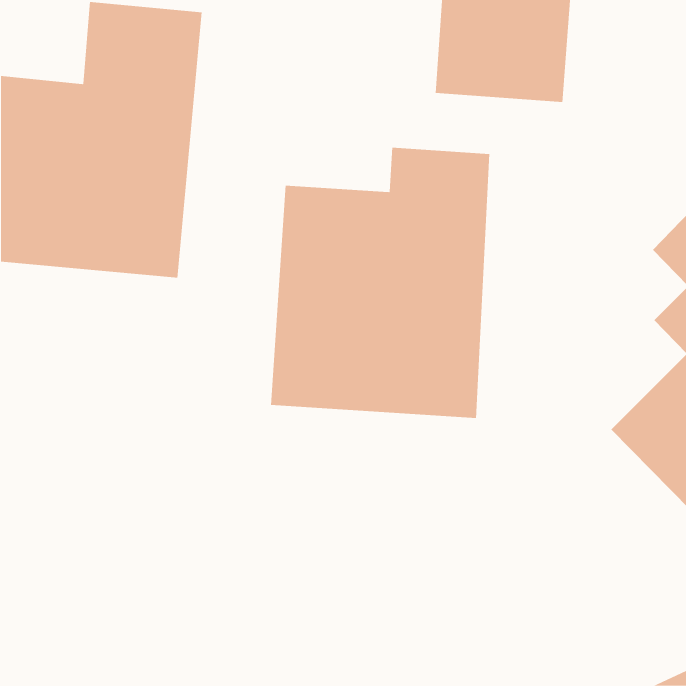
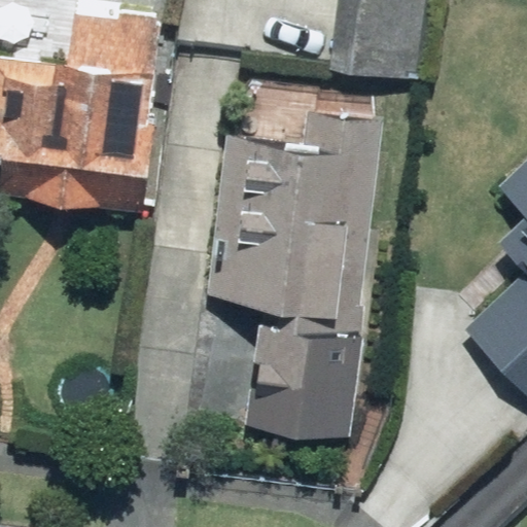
building: none -> [250,328,346,432]

